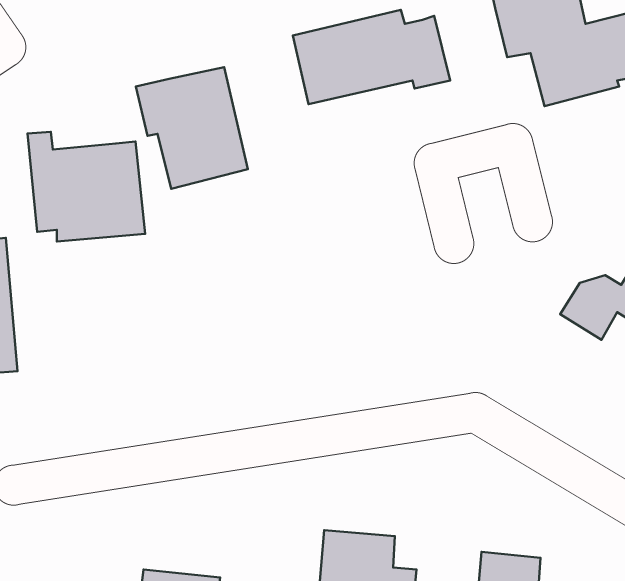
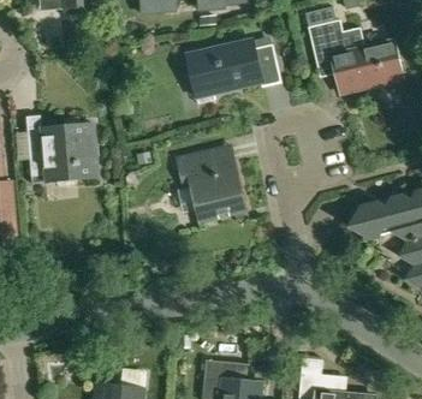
building: [136,67,248,189] -> [179,145,248,220]

